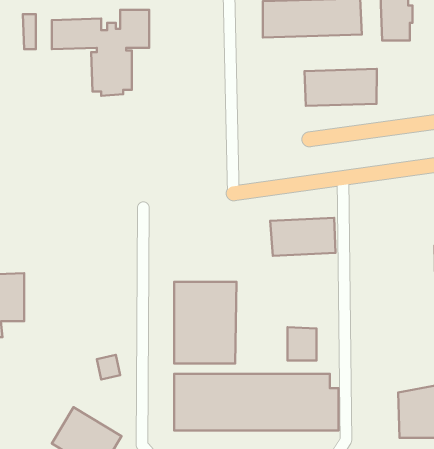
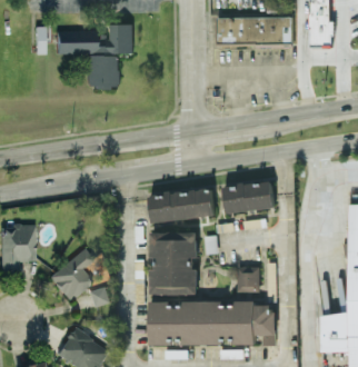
building: [305,69,377,106] -> none
building: none -> [148,189,213,221]
building: none -> [49,249,100,300]

